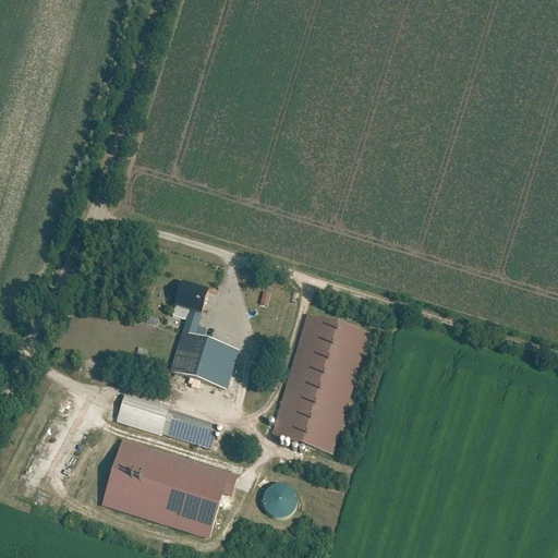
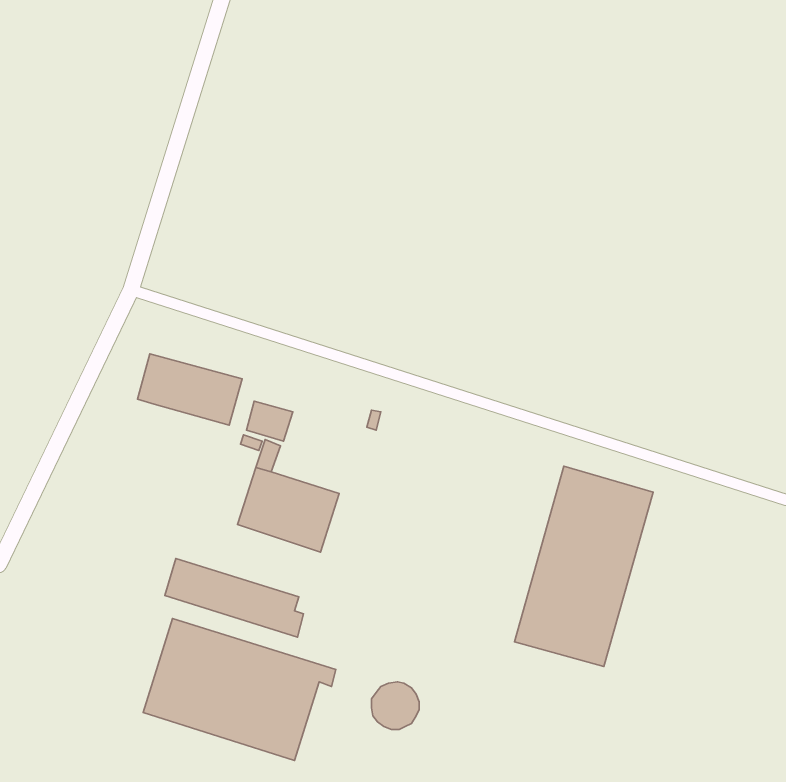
building: none -> [137,354,242,425]
building: [270,312,368,453] -> [514,466,653,667]

